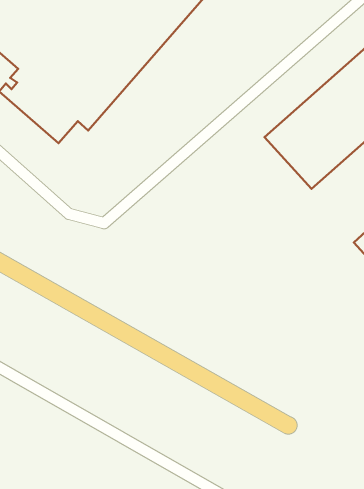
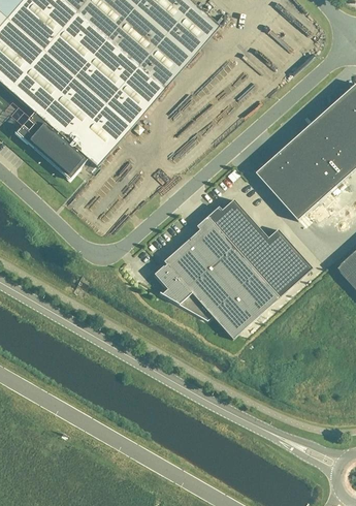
building: none -> [153,197,312,338]

